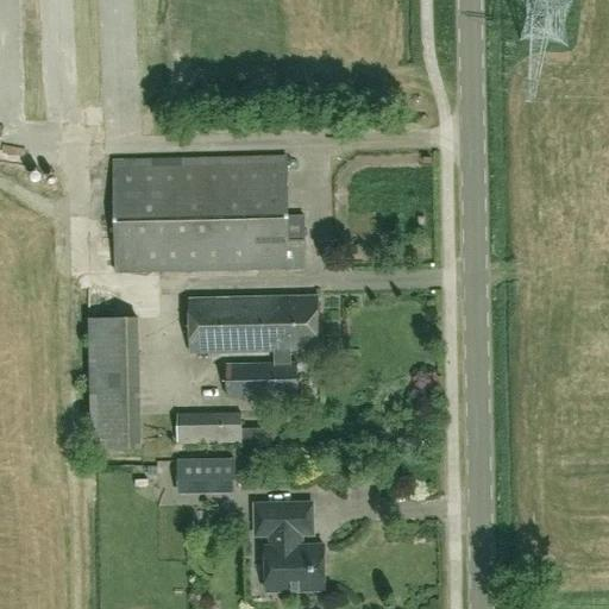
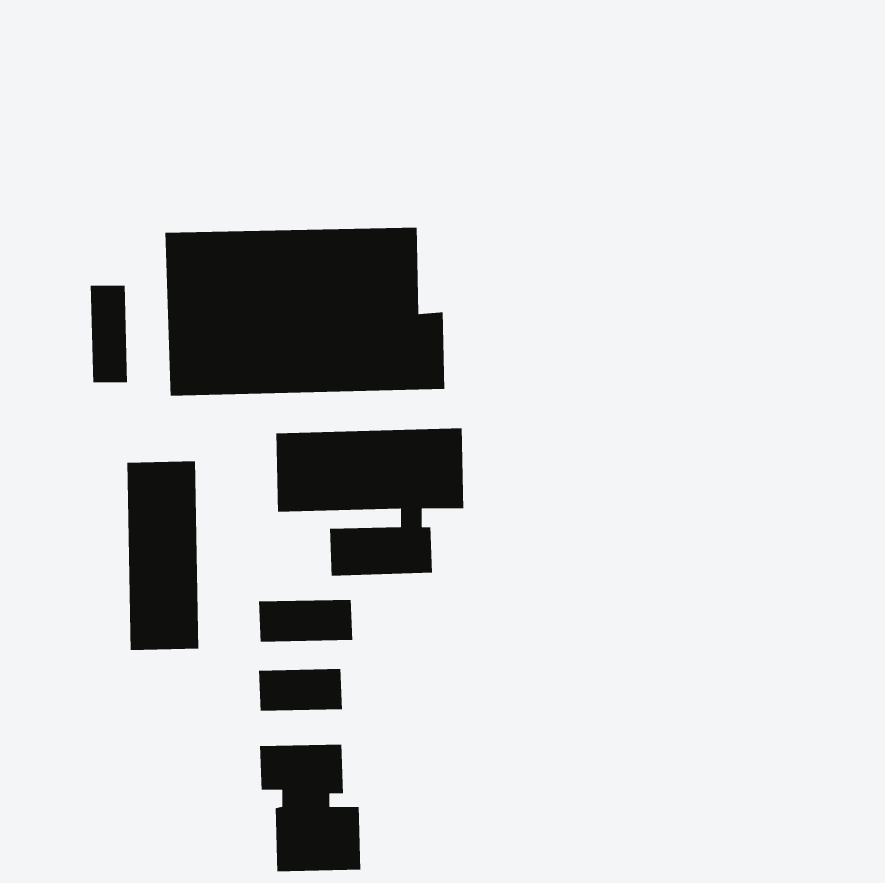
building: none -> [90,285,128,383]
building: [255,502,325,590] -> [259,744,361,872]

